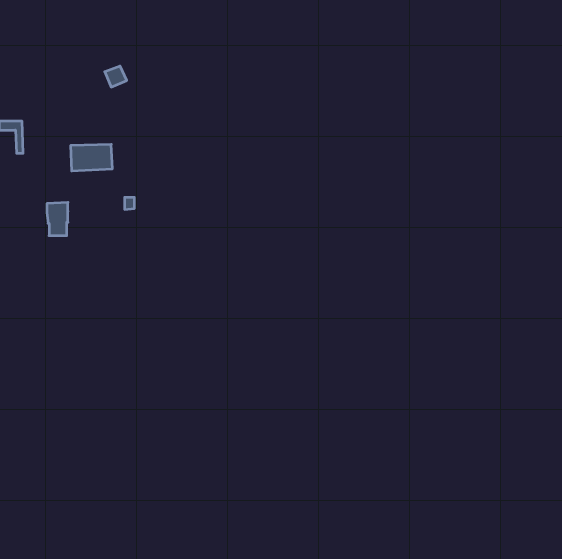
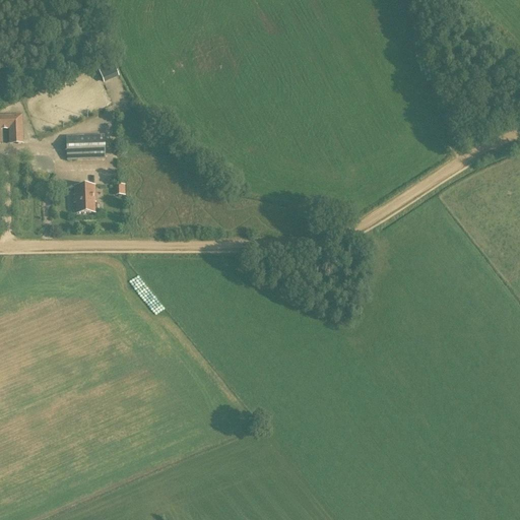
building: [47,202,68,236] -> [76,183,95,213]

